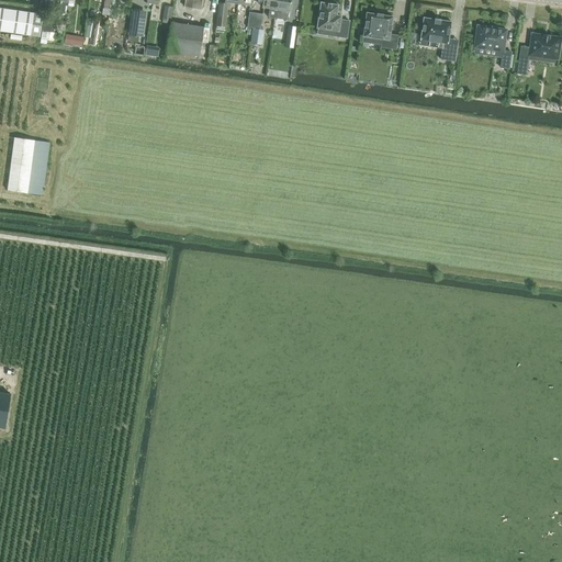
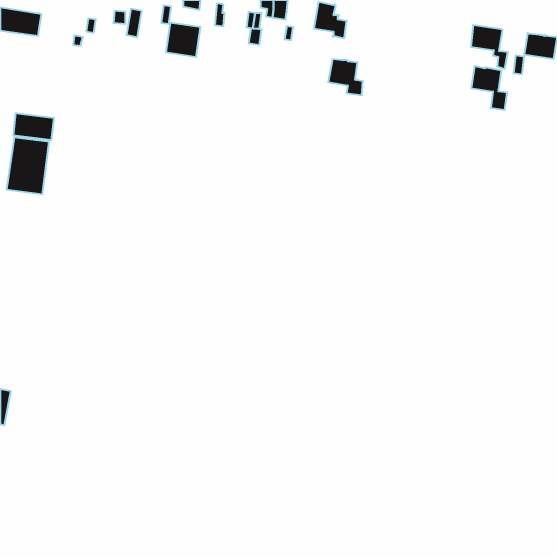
building: [362,13,397,49] -> [328,59,363,95]
building: [420,18,457,61] -> [471,66,507,110]
building: none -> [13,113,54,140]

